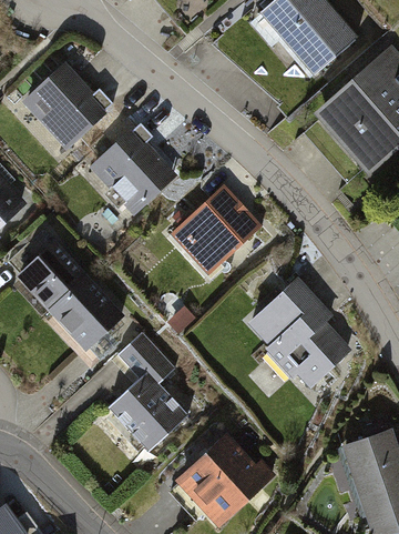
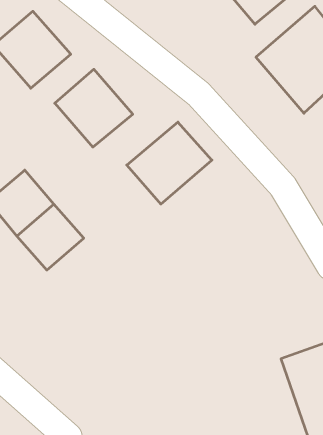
building: [241,276,354,392] -> none
building: [105,334,187,452] -> none
building: [176,432,273,527] -> none

